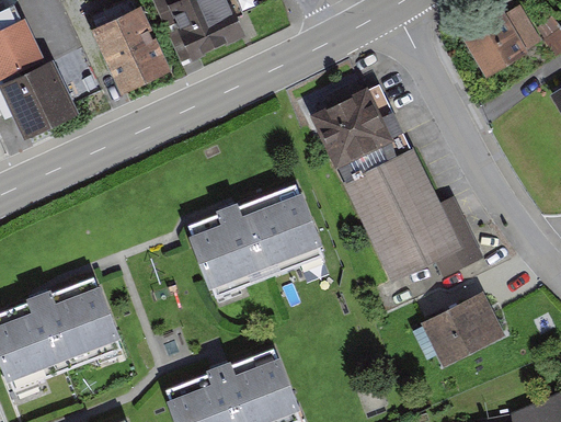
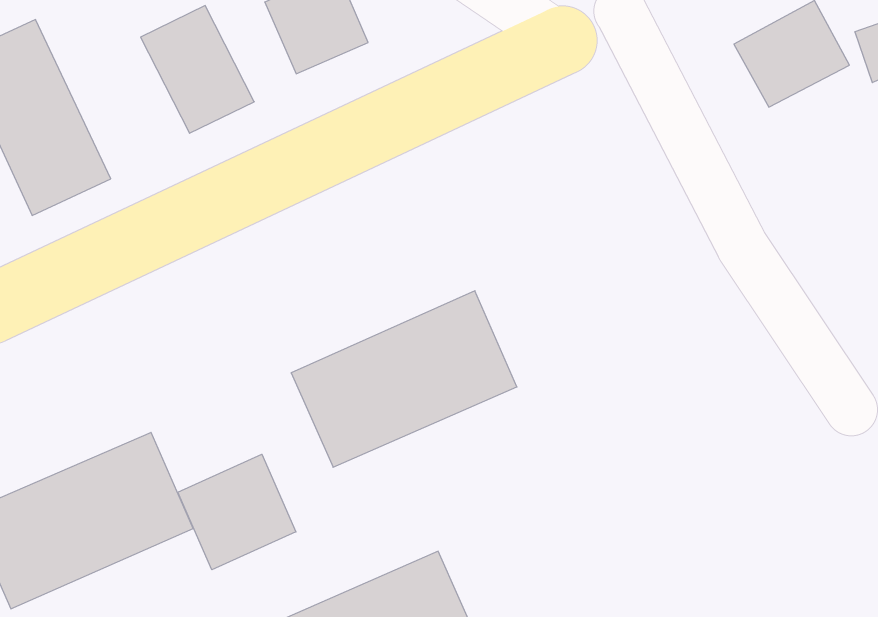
building: [310,84,392,163] -> none
building: [340,149,480,281] -> none
building: none -> [178,454,296,570]
building: [424,290,504,361] -> none

